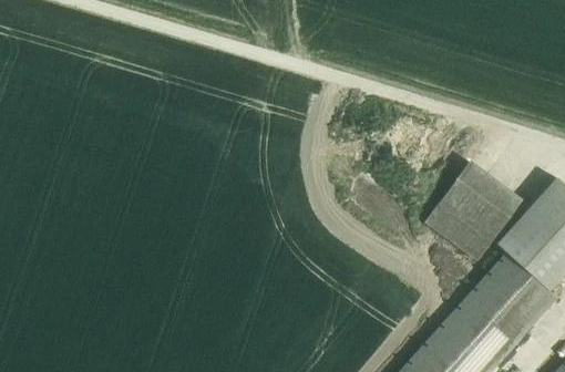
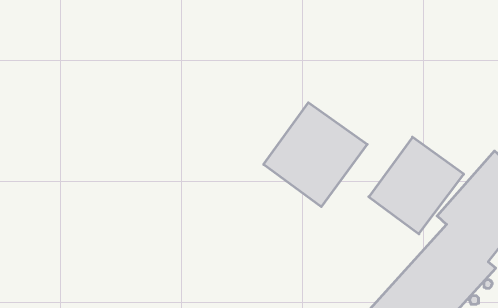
building: none -> [264,103,367,207]

